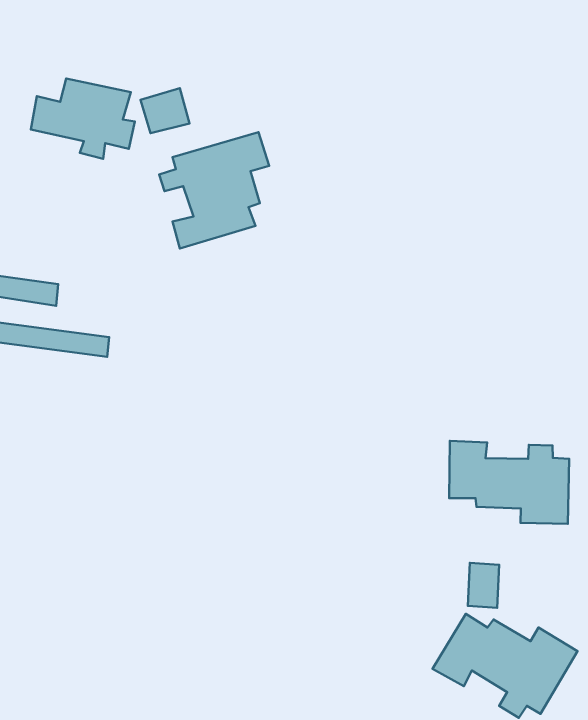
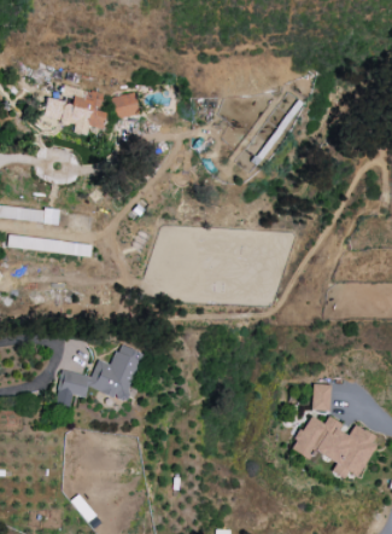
building: [159,132,269,248] -> none
building: [449,441,569,524] -> none
building: none -> [55,346,140,407]

